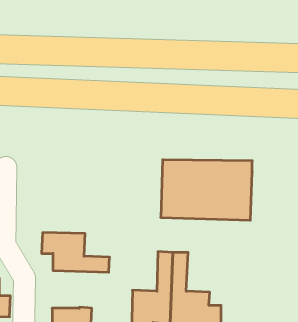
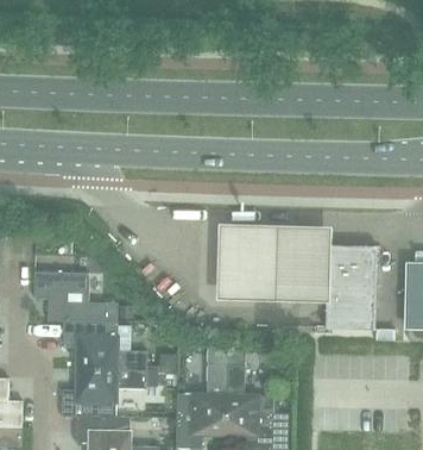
building: none -> [326,244,377,329]
building: none -> [34,271,119,321]
building: none -> [62,368,159,415]

